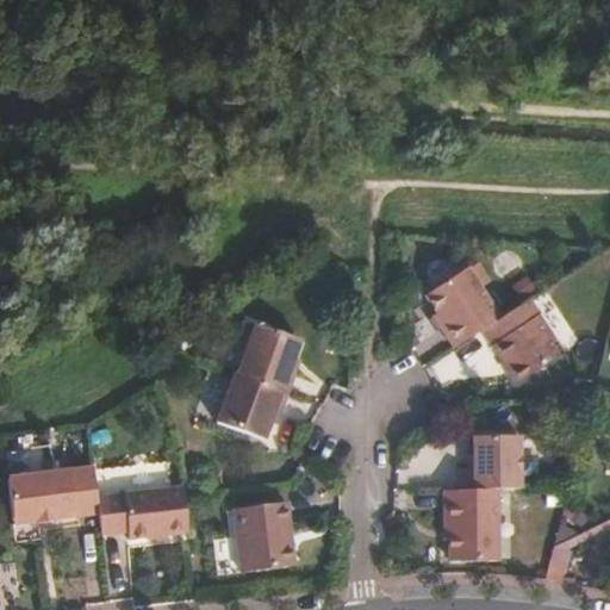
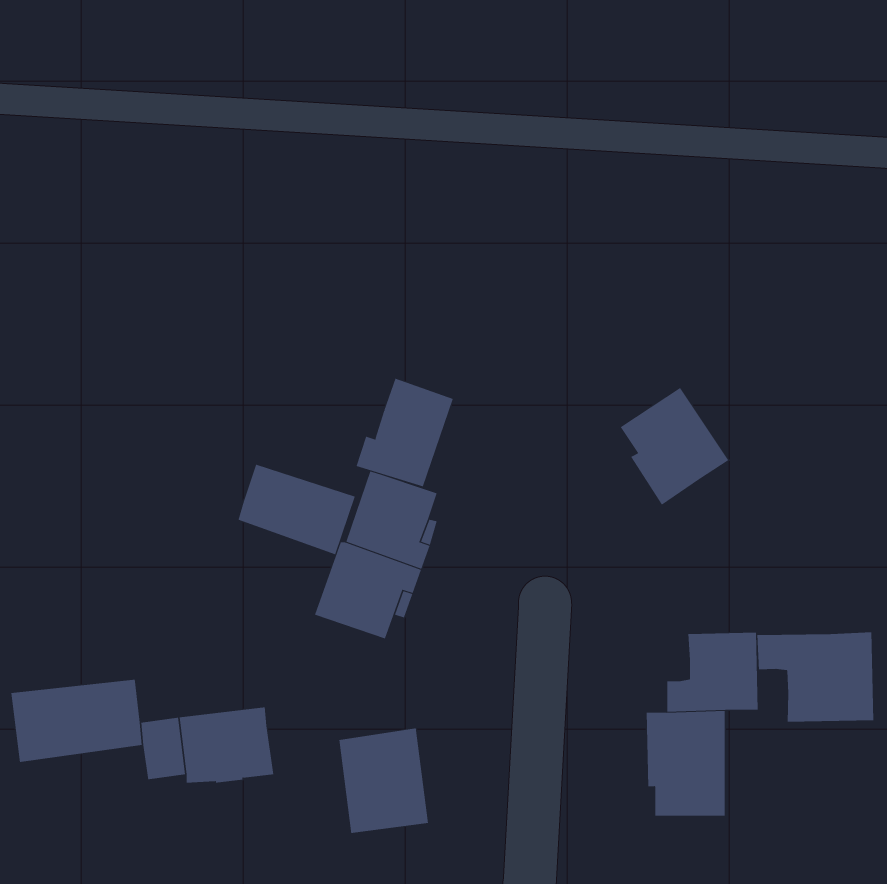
building: none -> [356,378,454,487]
building: [480,298,564,382] -> none
building: none -> [238,464,356,555]
building: none -> [757,632,874,723]

